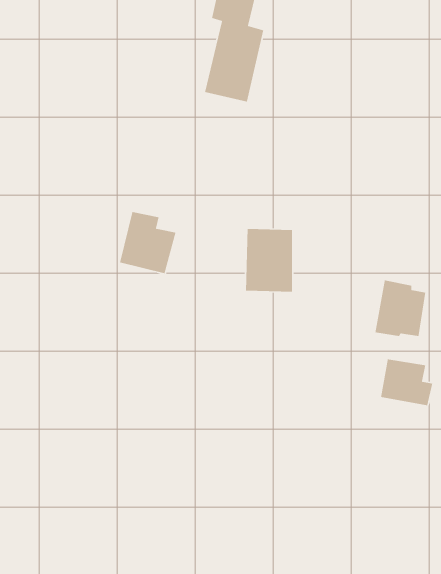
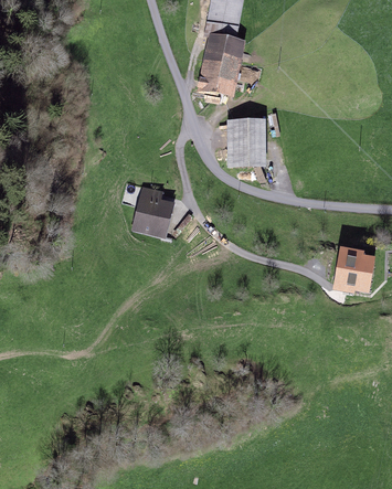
building: [245,228,293,292] -> [229,120,266,171]
building: [380,359,433,406] -> none

